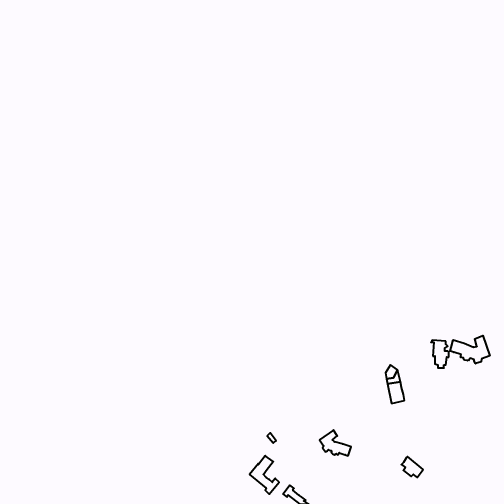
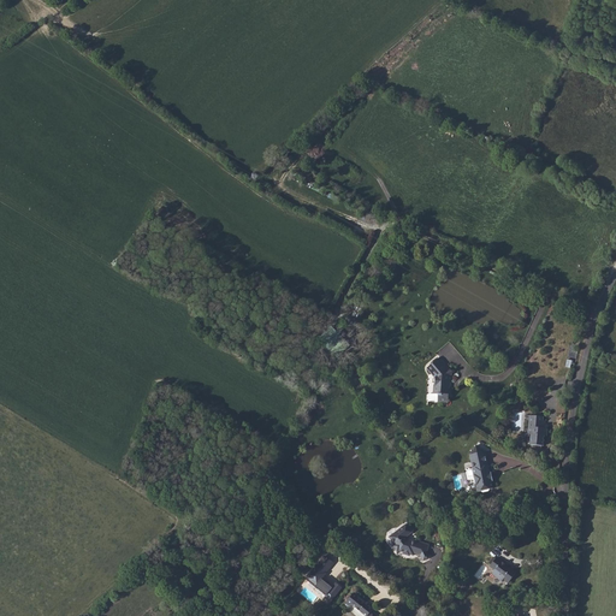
building: none -> [427,357,452,402]
building: [450,336,490,364] -> none

